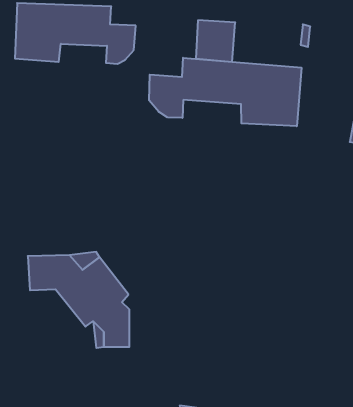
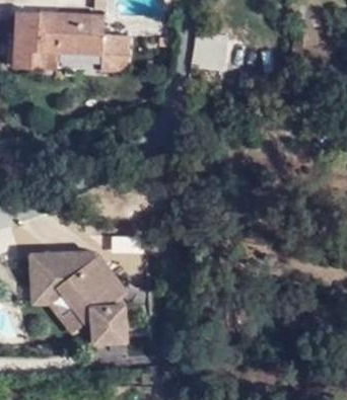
building: [149,58,301,126] -> none
building: none -> [31,287,84,333]

